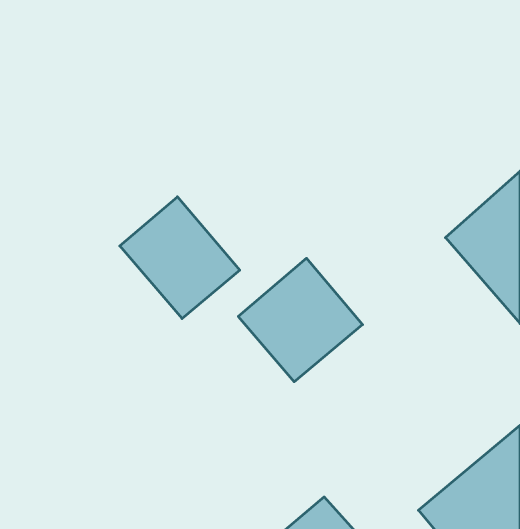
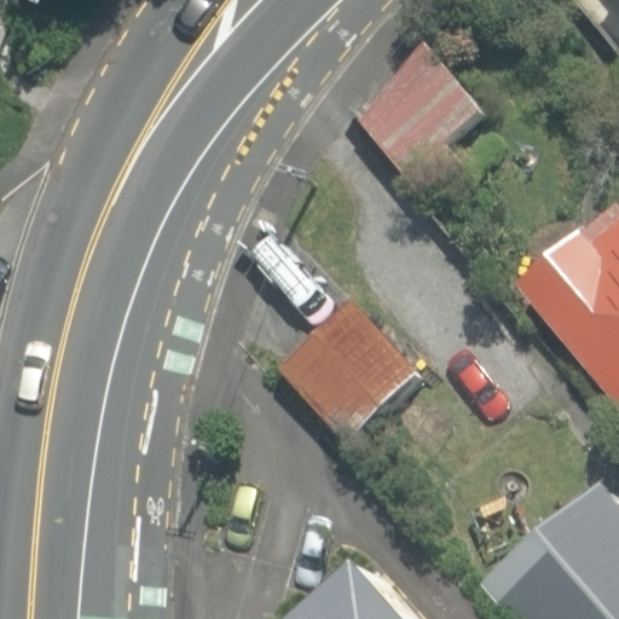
building: none -> [363,33,492,172]
building: [120,197,240,319] -> none

